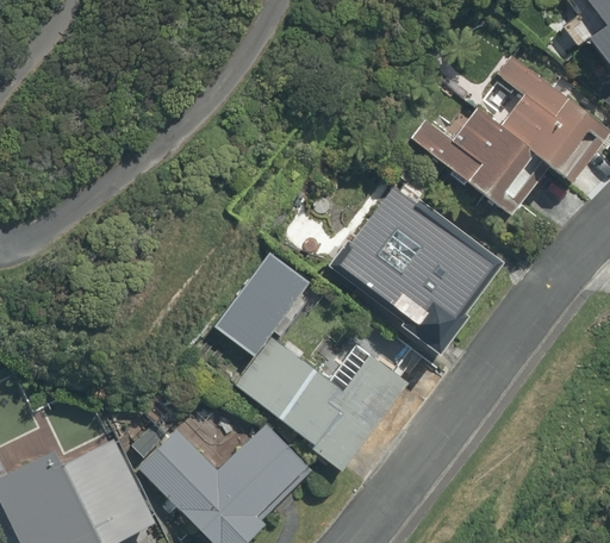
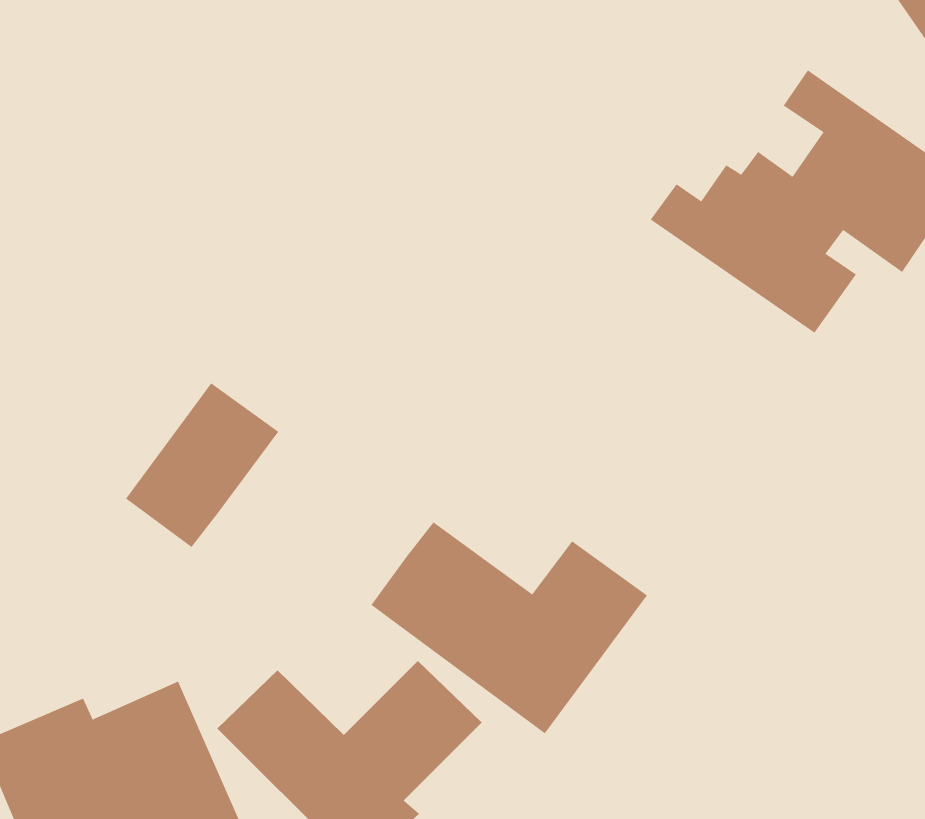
building: [325,185,492,355] -> none
building: [217,255,313,358] -> [125,383,279,548]

